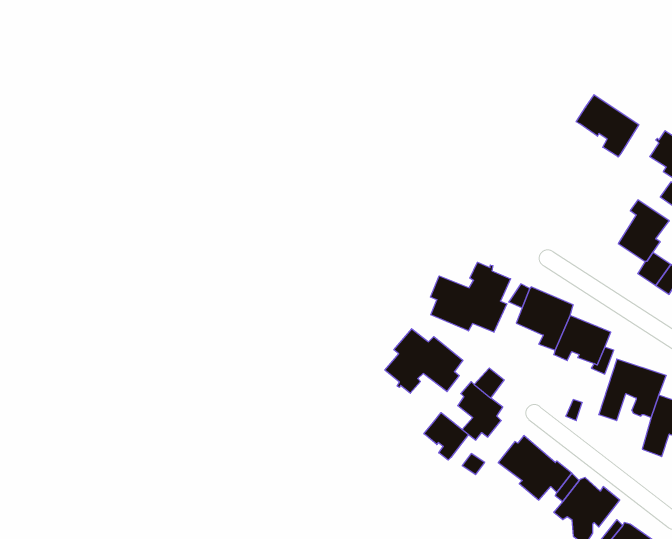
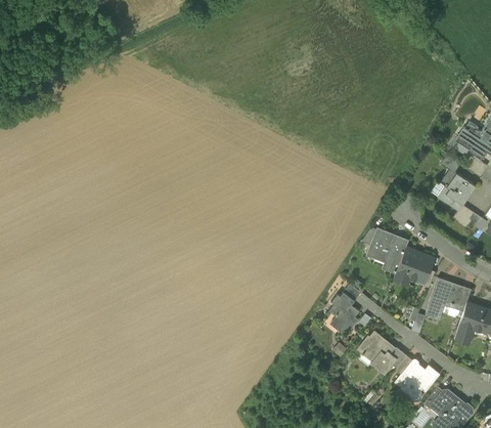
building: [576,95,639,157] -> none
building: [431,262,511,332] -> none
building: [385,329,463,393] -> none
building: [424,413,468,460] -> none

